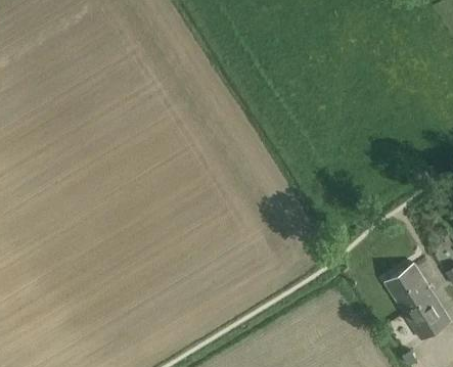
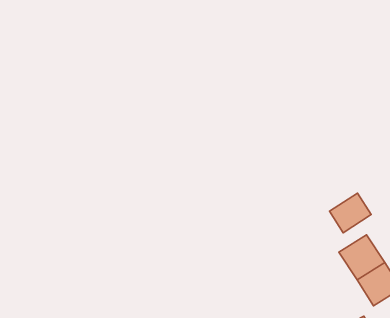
building: none -> [330,193,371,233]

